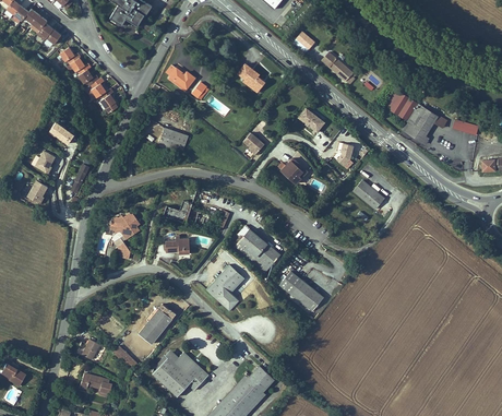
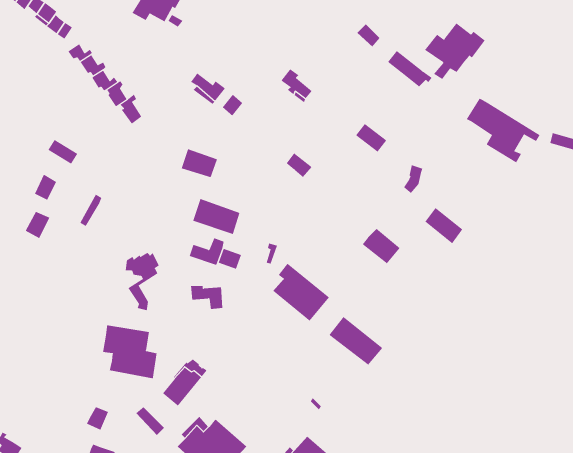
building: none -> [424,23,485,80]
building: [274,155,306,185] -> [362,228,400,264]
building: none -> [192,198,240,235]
building: [205,265,243,312] -> none
building: none -> [102,324,157,379]

